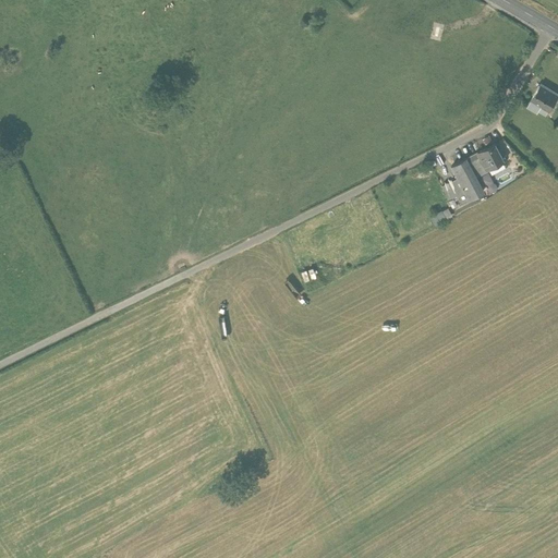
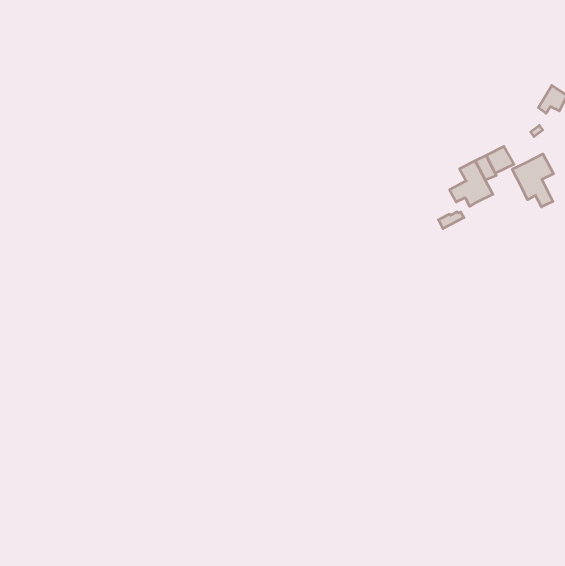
building: none -> [512,154,553,207]

